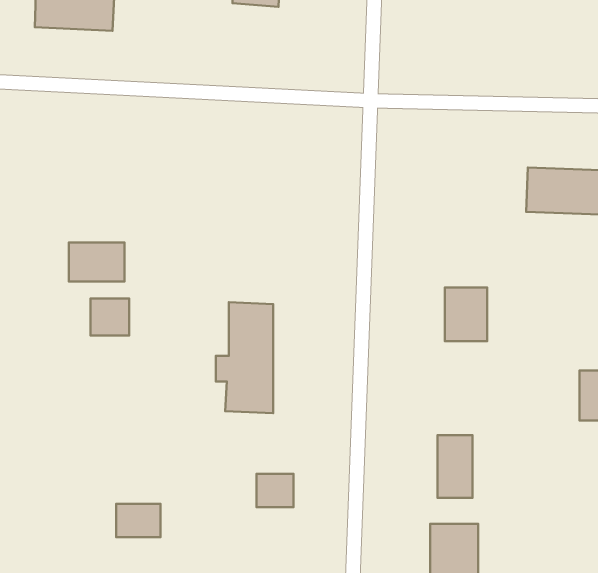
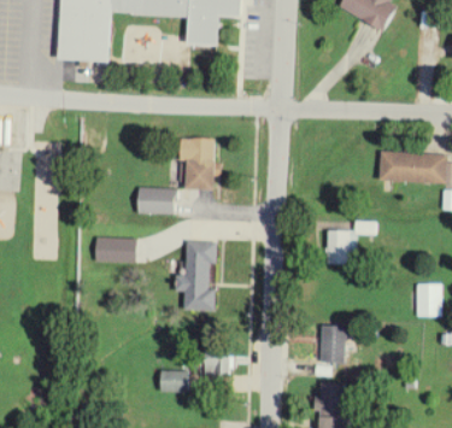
building: none -> [189,137,216,188]
building: [69,243,124,281] -> [140,187,176,212]
building: [116,504,161,537] -> [160,370,189,392]

